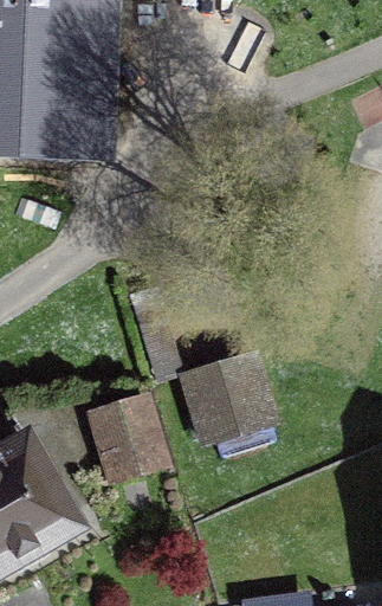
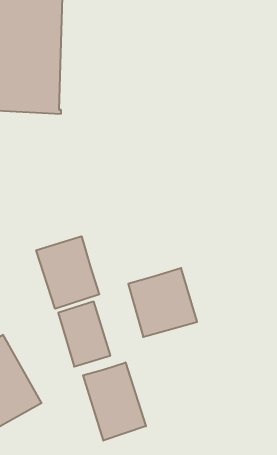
building: none -> [36,236,99,309]
building: none -> [83,362,146,441]

